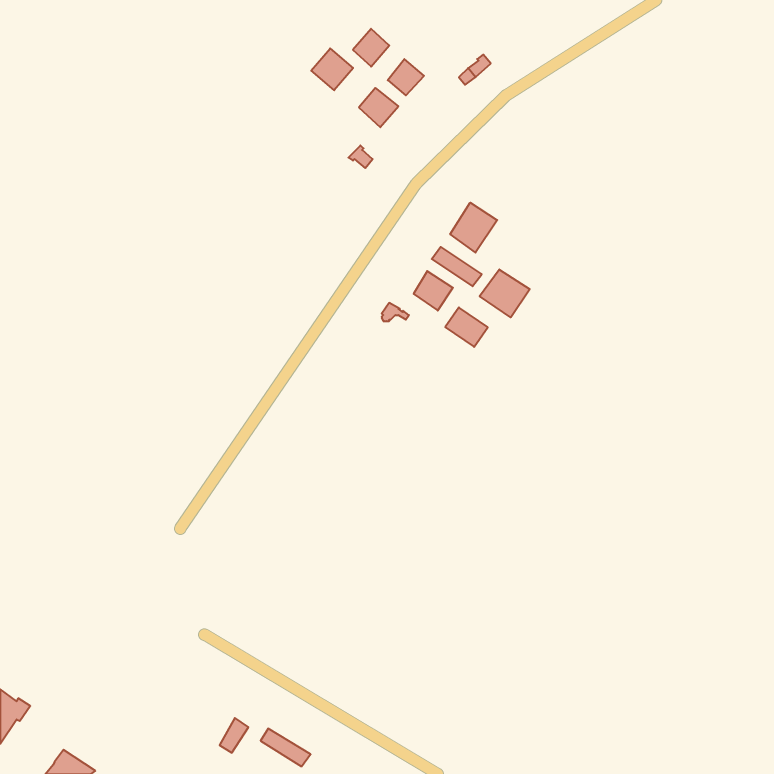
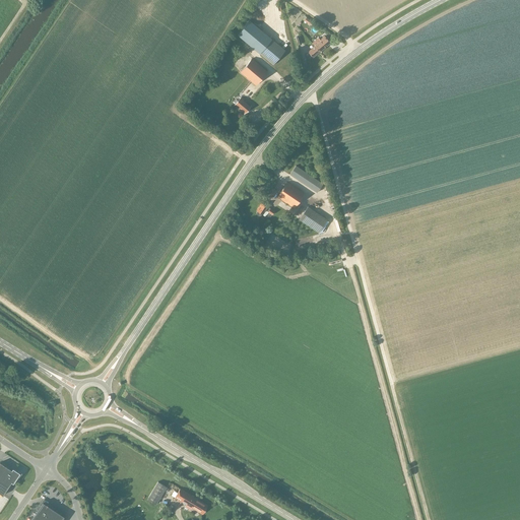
building: [311,48,353,90] -> none
building: [450,203,497,253] -> none
building: [480,269,530,317] -> none

